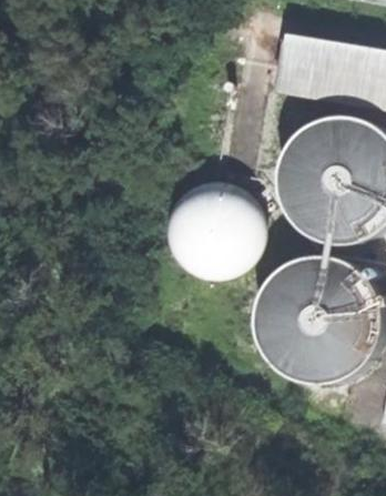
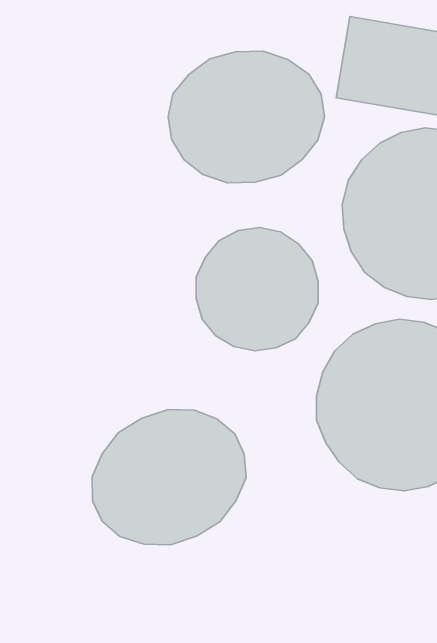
building: none -> [168,51,324,183]
building: none -> [92,409,246,545]

